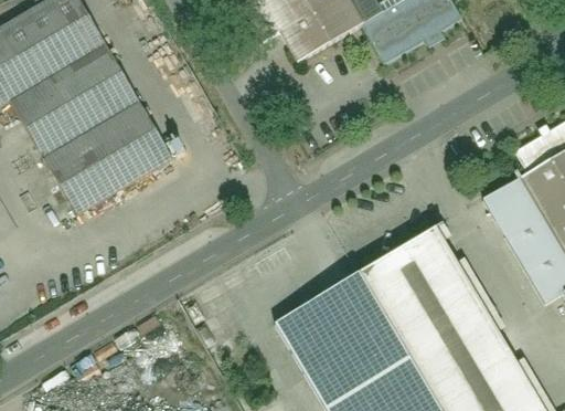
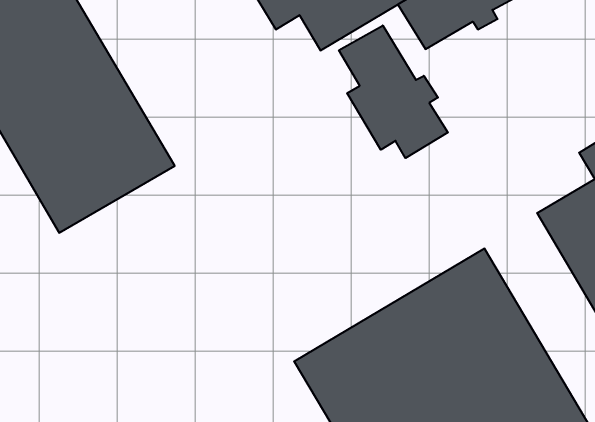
building: none -> [339,25,448,158]

